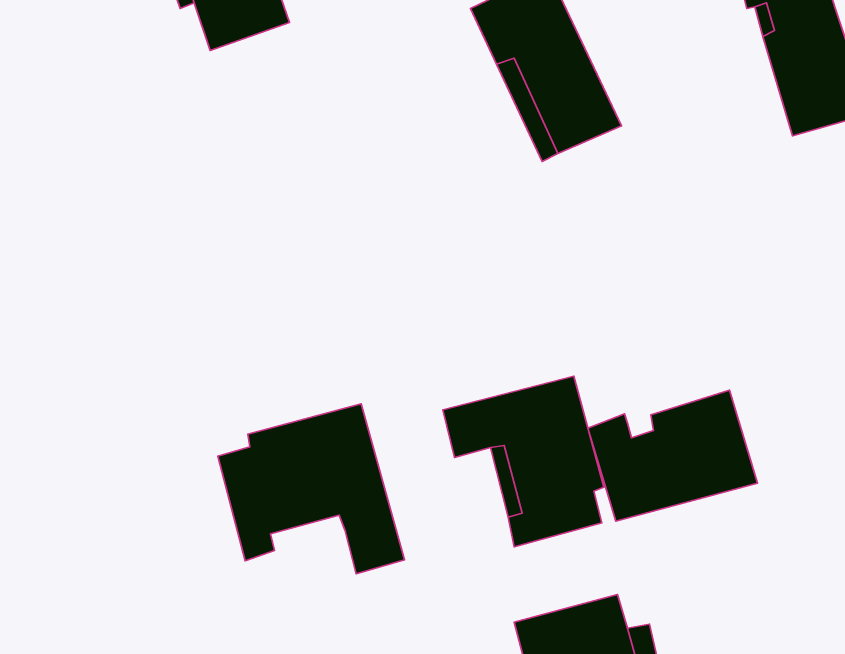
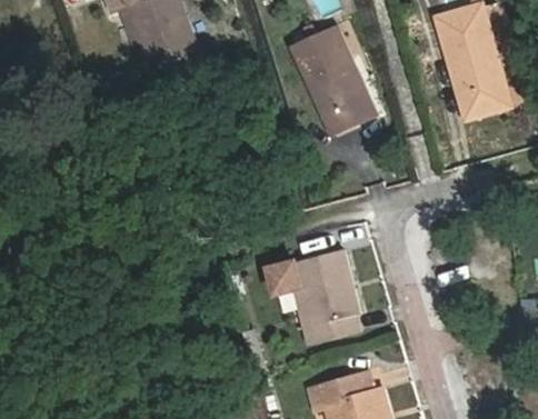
building: [588,390,757,521] -> none
building: [218,404,404,574] -> none

